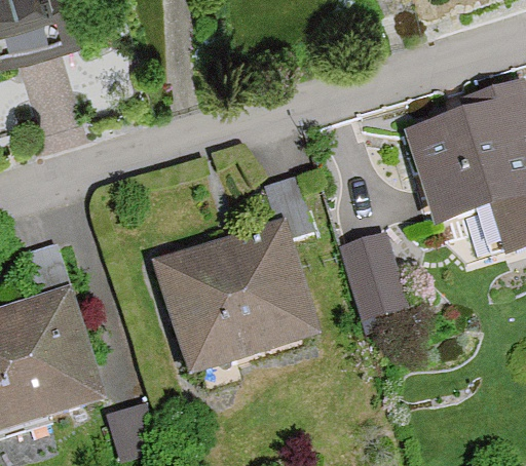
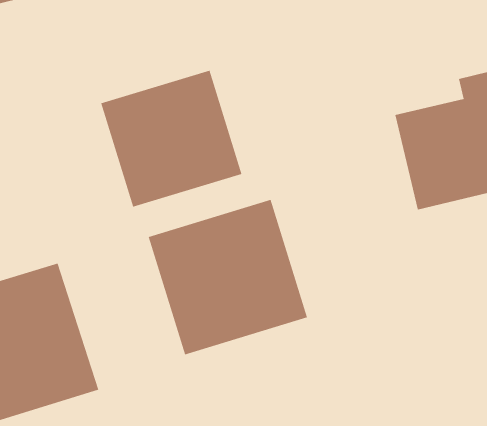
building: none -> [101,70,242,208]
building: [340,212,414,300] -> none

